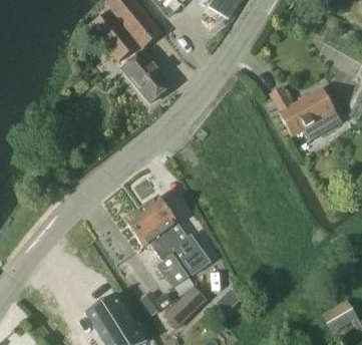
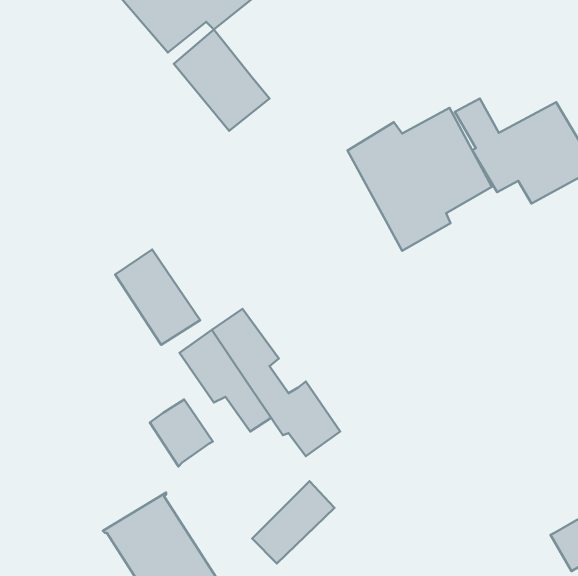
building: none -> [347,108,492,251]
building: none -> [115,249,200,345]
building: [155,253,189,288] -> [150,399,213,466]

